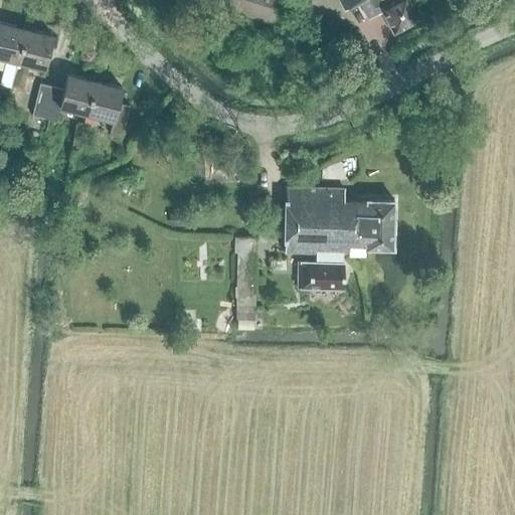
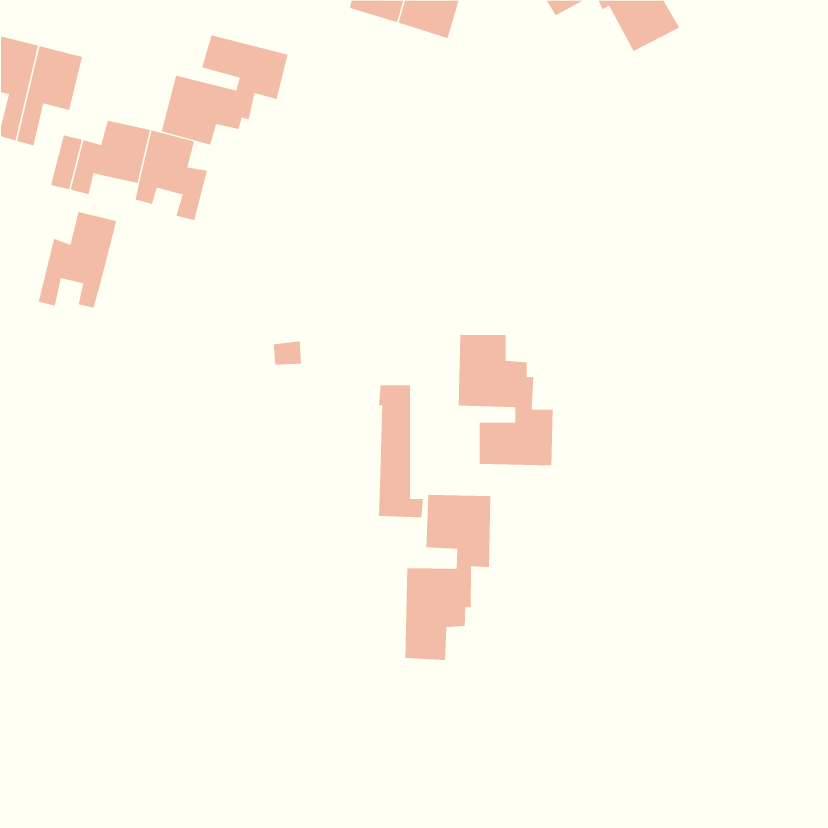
building: none -> [161,34,288,146]
building: none -> [38,211,117,308]
building: [286,188,394,256] -> none
building: none -> [405,494,491,661]

